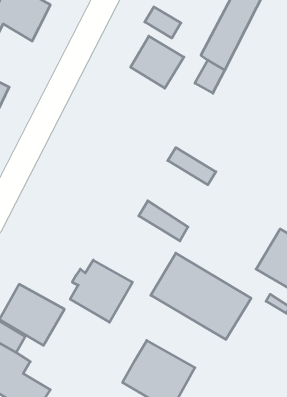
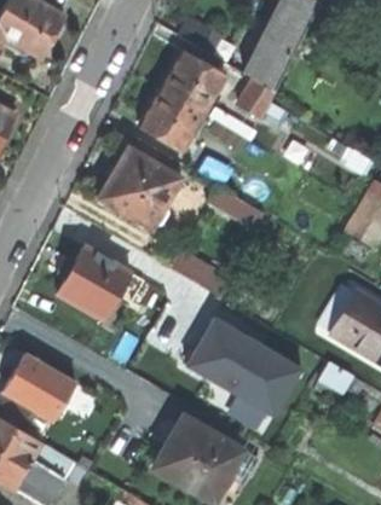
building: none -> [139,88,203,151]
building: none -> [99,147,181,228]
building: [70,260,132,322] -> [57,246,132,321]

